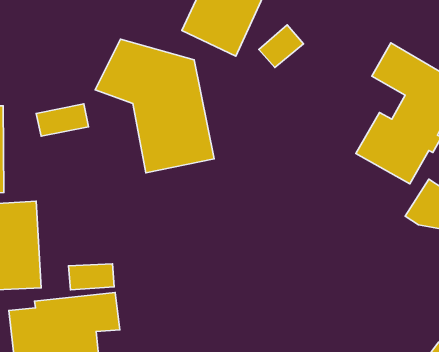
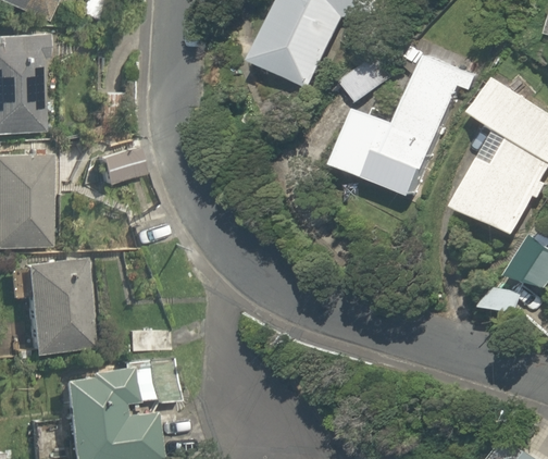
building: none -> [329,52,465,197]
building: [95,39,214,173] -> none

